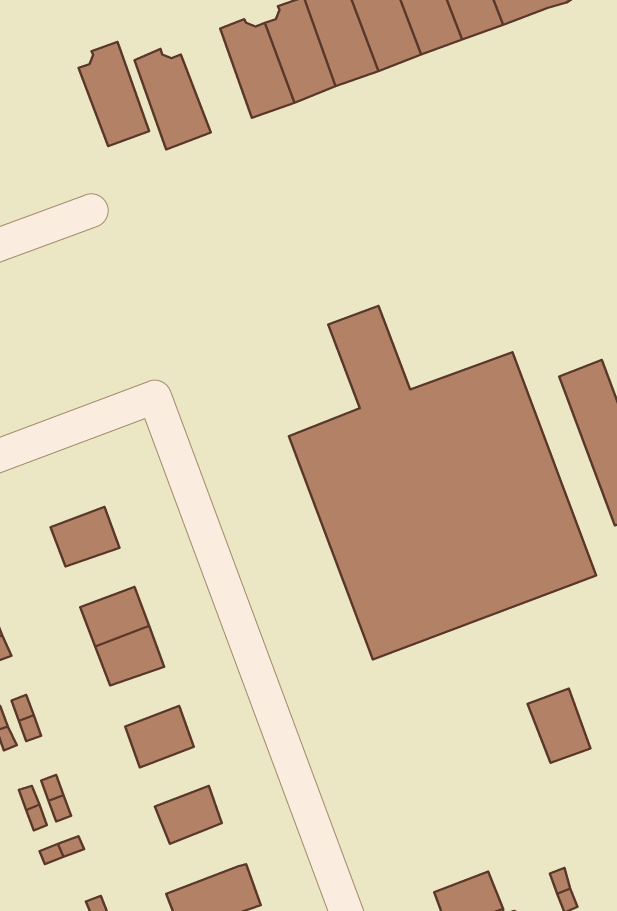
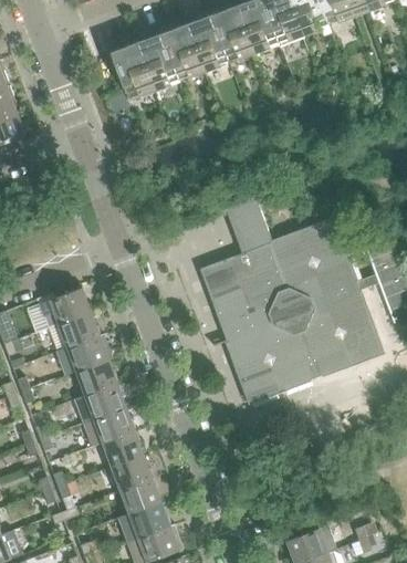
building: [78,42,149,146] -> [136,28,178,90]
building: none -> [40,288,91,327]
building: none -> [67,336,108,372]
building: none -> [94,407,135,442]
building: [527,688,590,763] -> none
building: none -> [112,455,153,490]
building: none -> [118,500,170,542]

